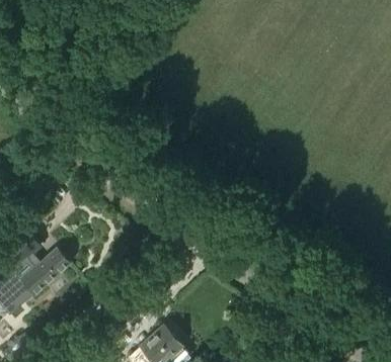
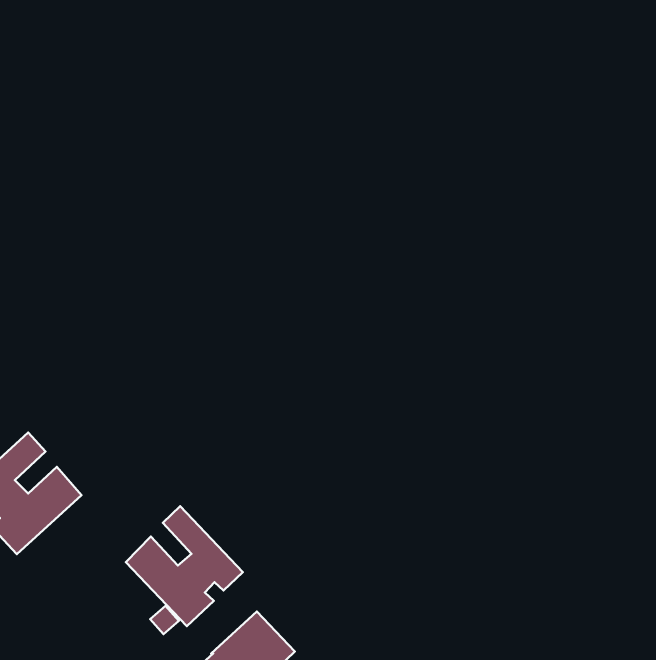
building: none -> [126,506,243,626]

